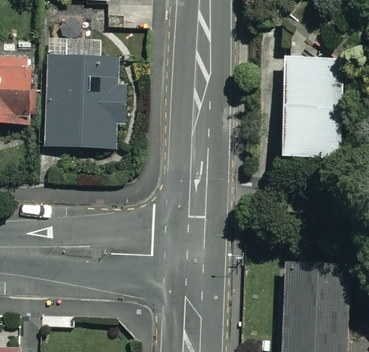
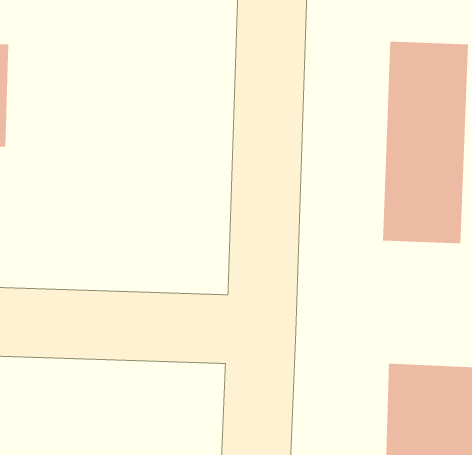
building: [46,57,132,148] -> none

